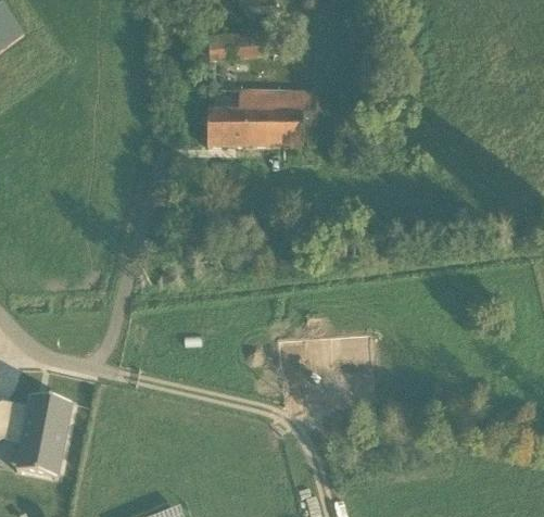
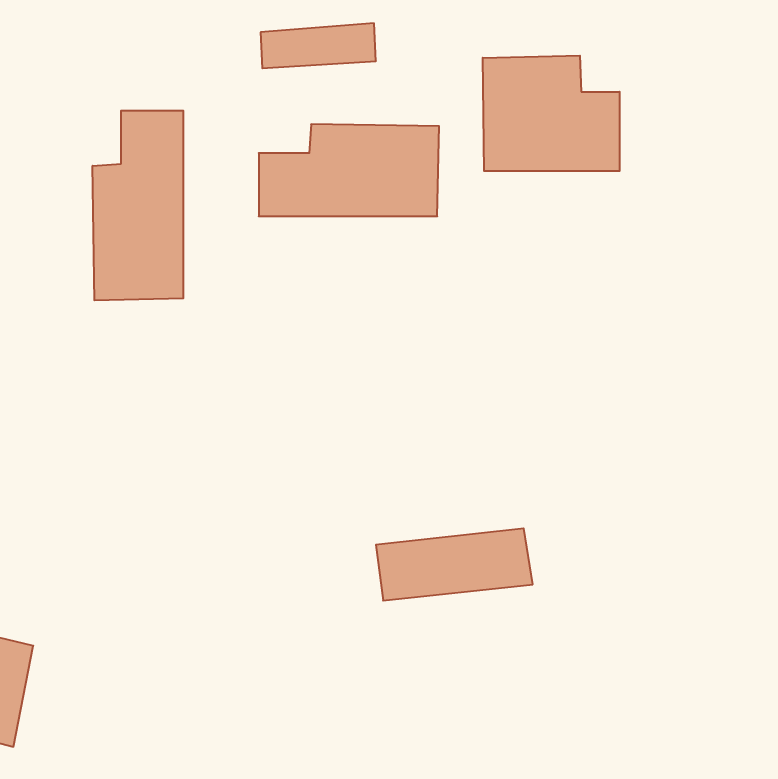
building: none -> [483,56,620,171]
building: none -> [93,111,183,300]

